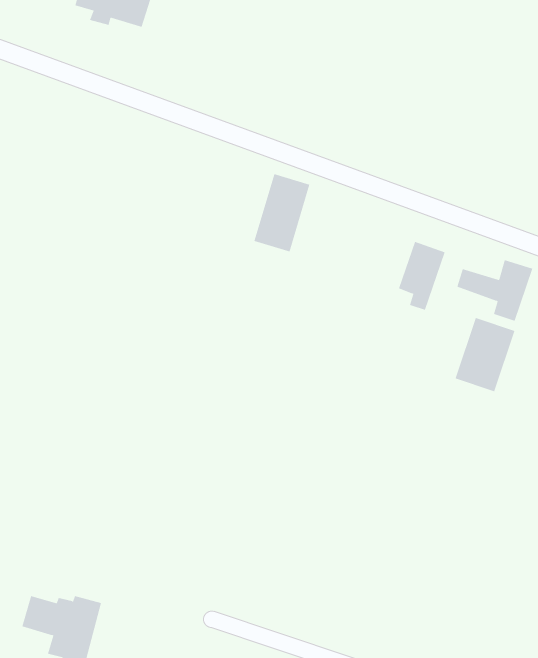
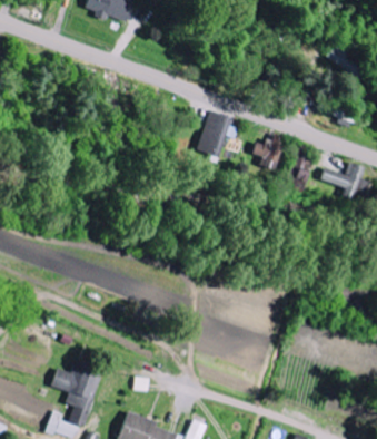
building: none -> [248,133,281,172]
building: [455,317,515,392] -> none

